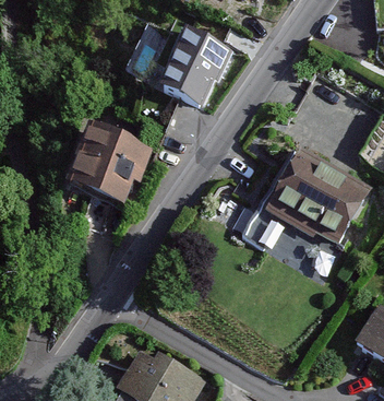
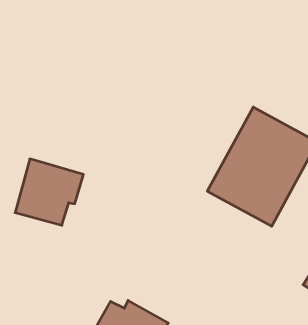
building: [164,36,225,106] -> none
building: [73,132,149,207] -> [15,159,83,225]

